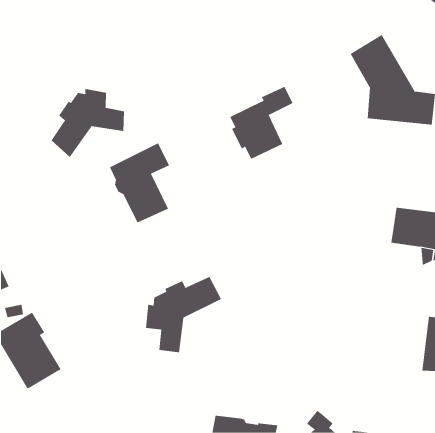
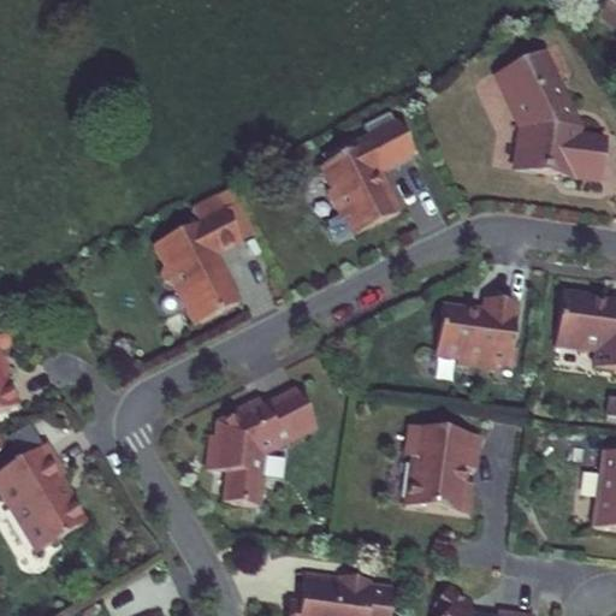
building: [51,88,125,158] -> none
building: none -> [433,297,516,368]
building: none -> [403,425,479,514]

